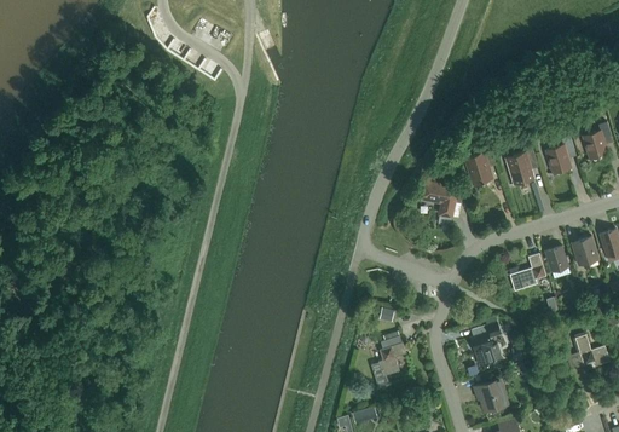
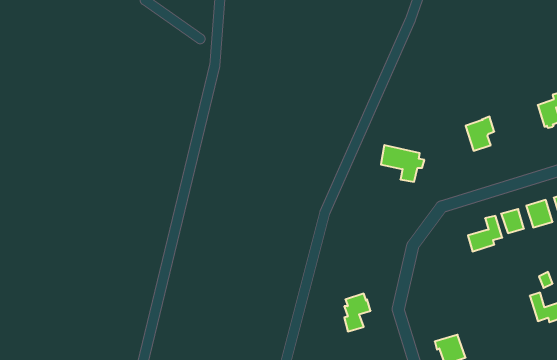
building: [545,137,574,175] -> none
building: [464,148,494,185] -> none
building: [469,319,501,367] -> none

